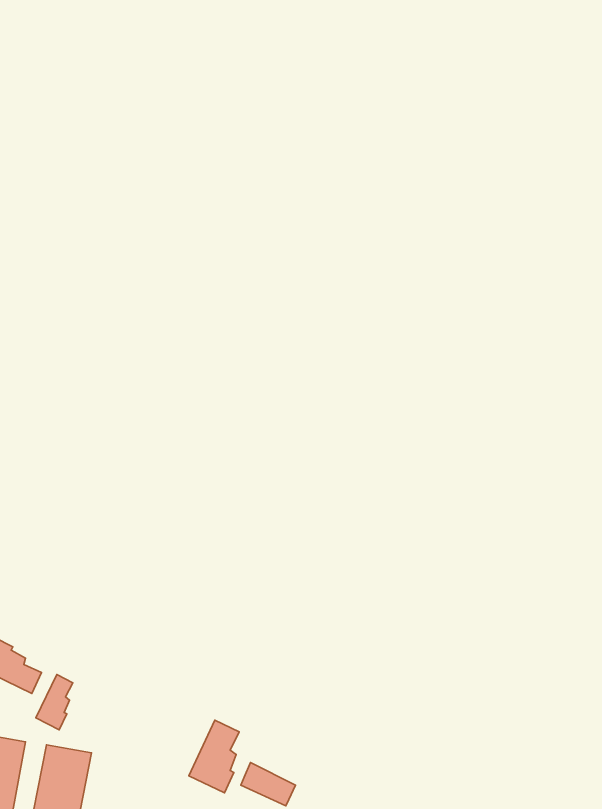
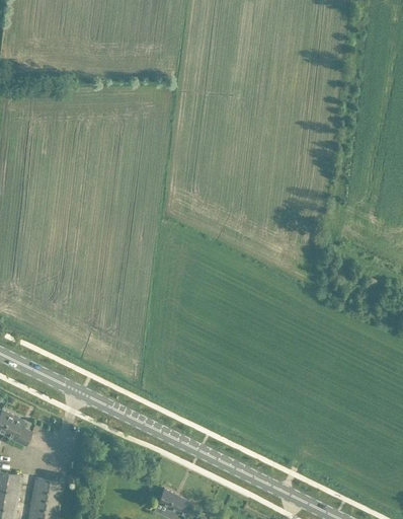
building: [36,675,73,730] -> none
building: [189,720,239,793] -> none

